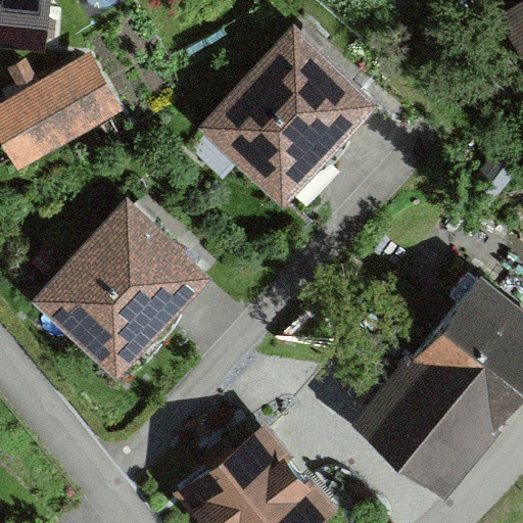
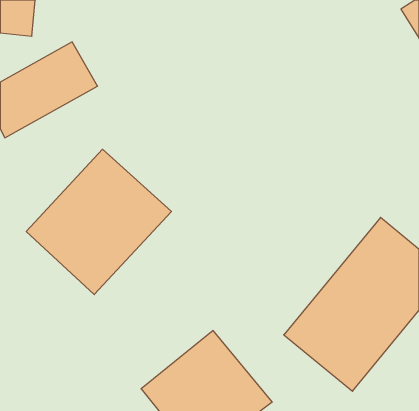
building: [199,22,380,205] -> none

